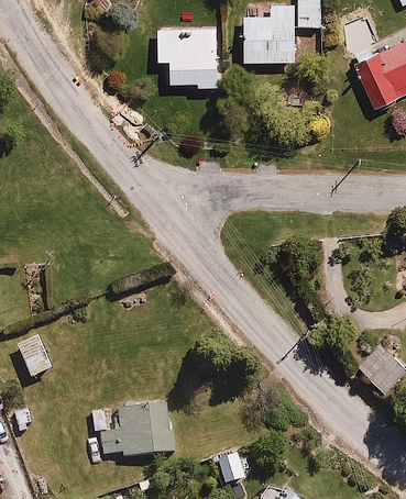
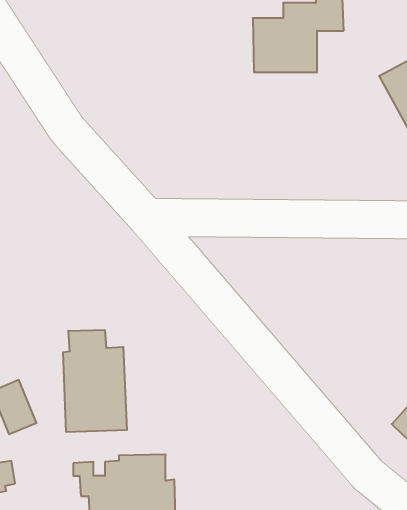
building: [157,22,220,90] -> none
building: none -> [63,330,127,432]

